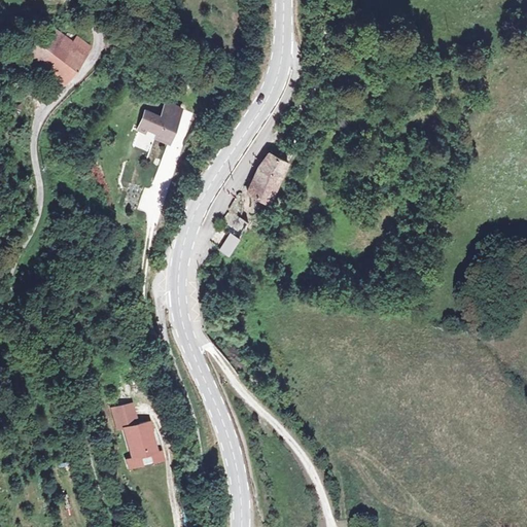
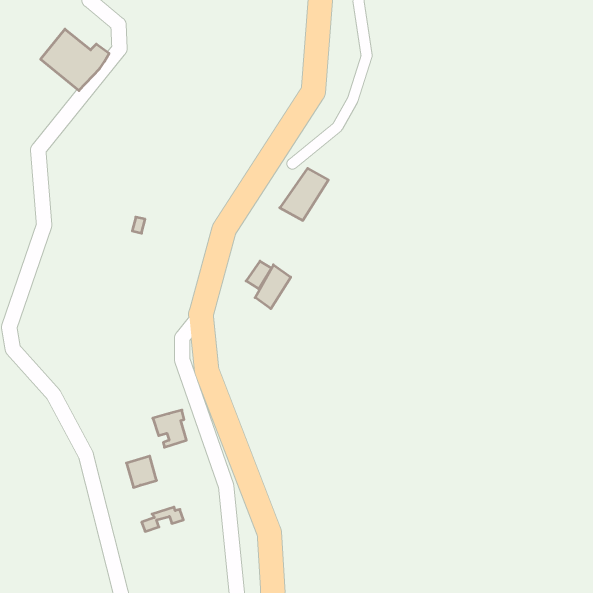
building: [138,103,180,141] -> none
building: none -> [255,265,291,309]
building: [125,423,154,456] -> [153,410,186,447]

